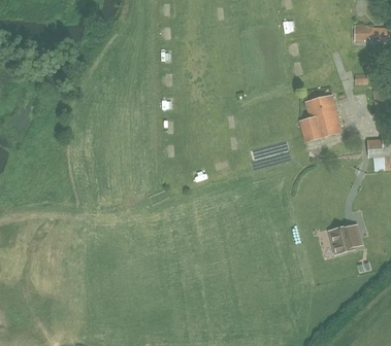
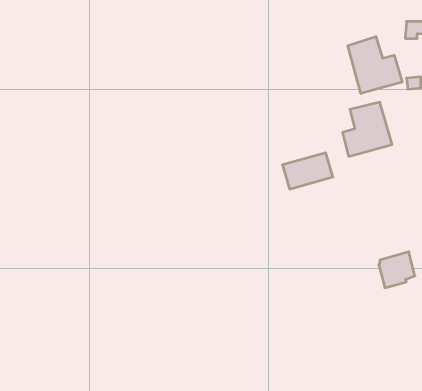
building: none -> [348,37,402,94]

